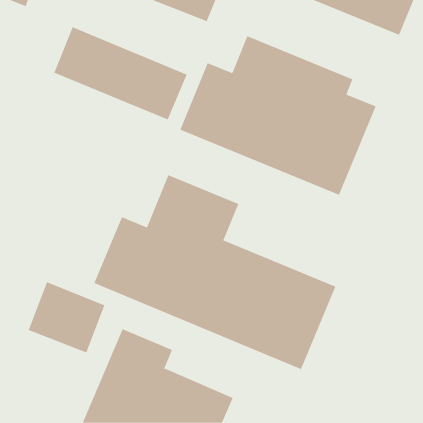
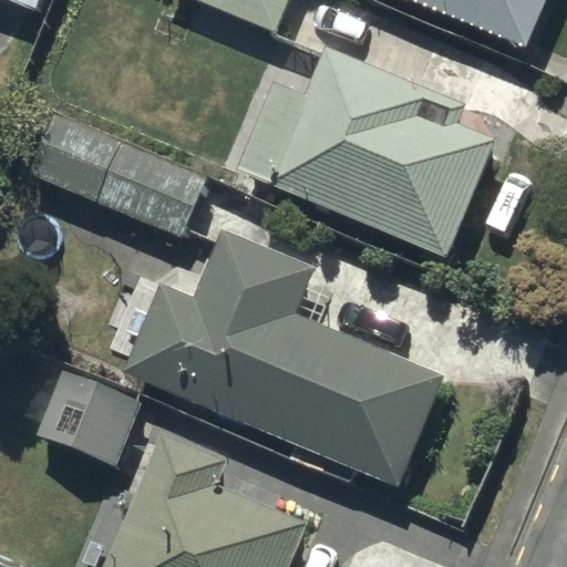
building: [54,27,188,120] -> [28,112,204,235]

